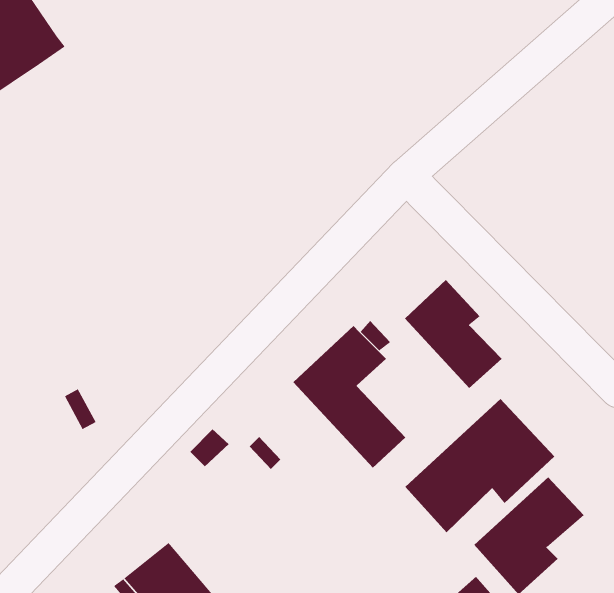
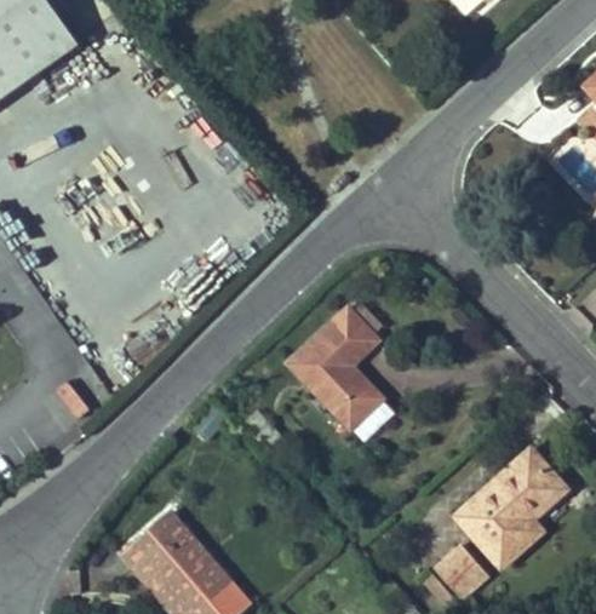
building: [404,279,502,389] -> none
building: [405,398,555,533] -> none

